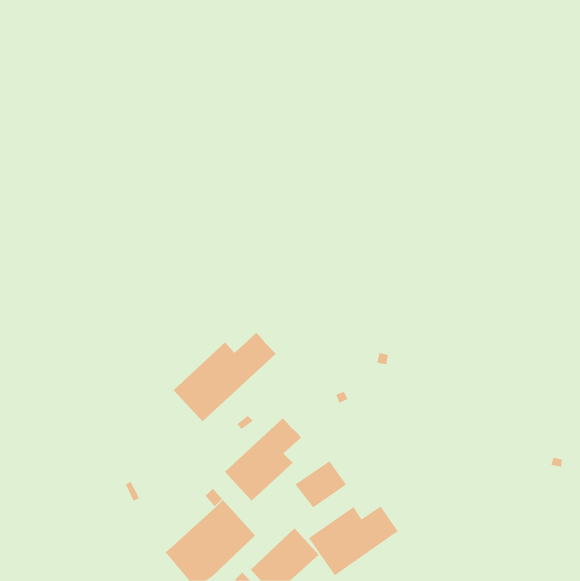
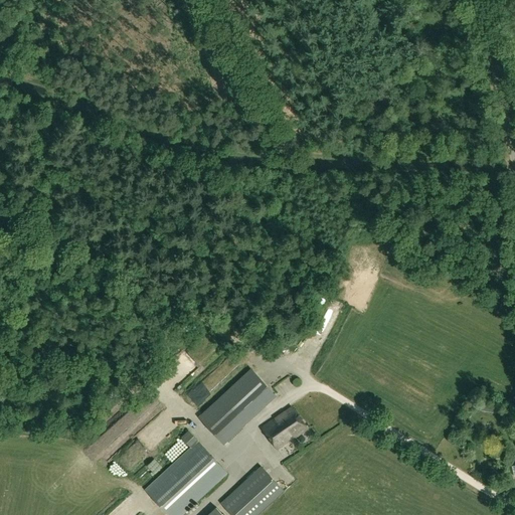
building: [173,323,277,422] -> none
building: [308,495,399,576] -> none

